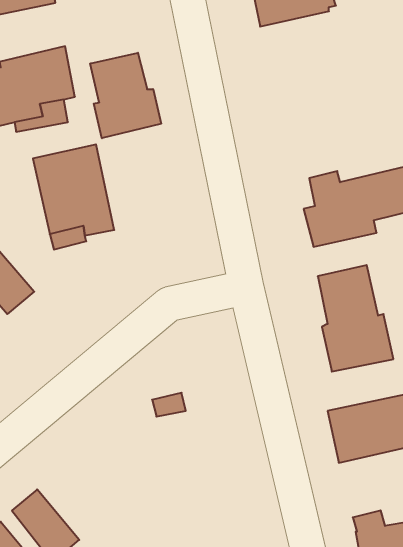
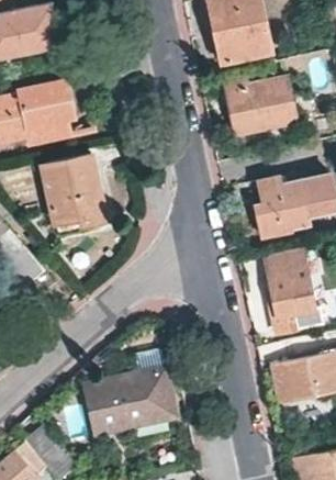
building: none -> [222,77,294,135]
building: [90,53,161,138] -> none
building: none -> [83,369,175,435]

